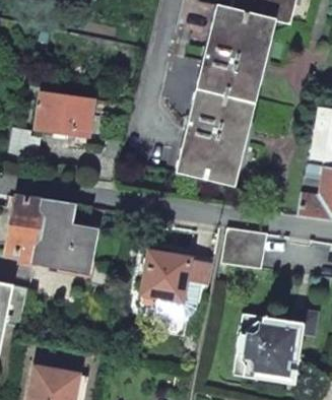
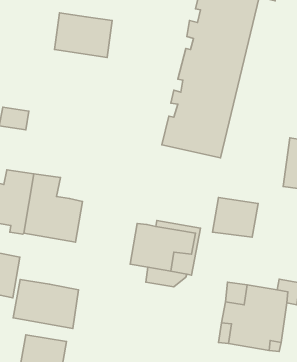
building: [35,91,93,137] -> [54,13,112,57]
building: none -> [13,280,79,328]

